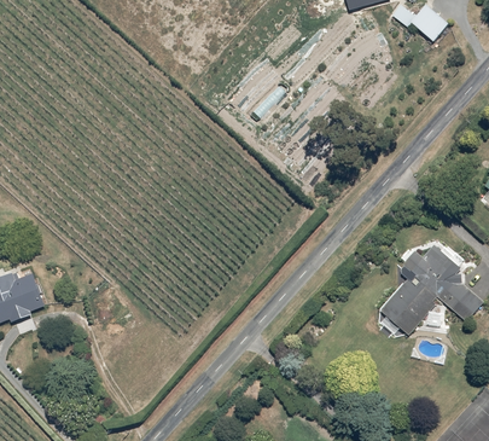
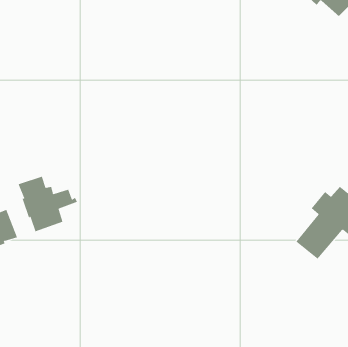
building: none -> [18,176,78,232]

